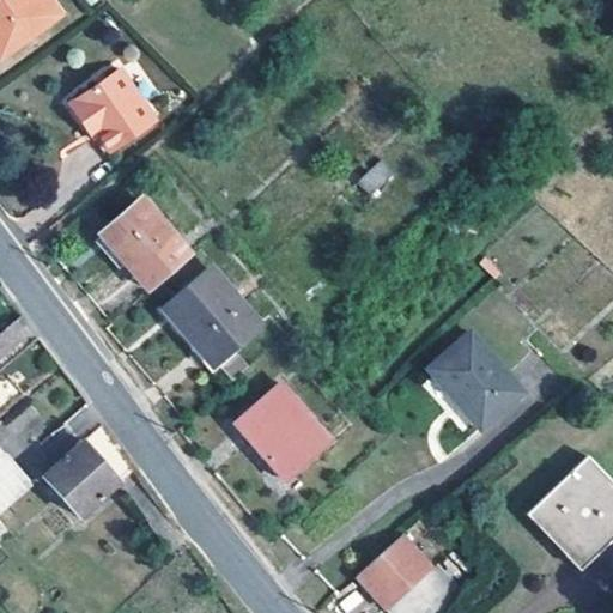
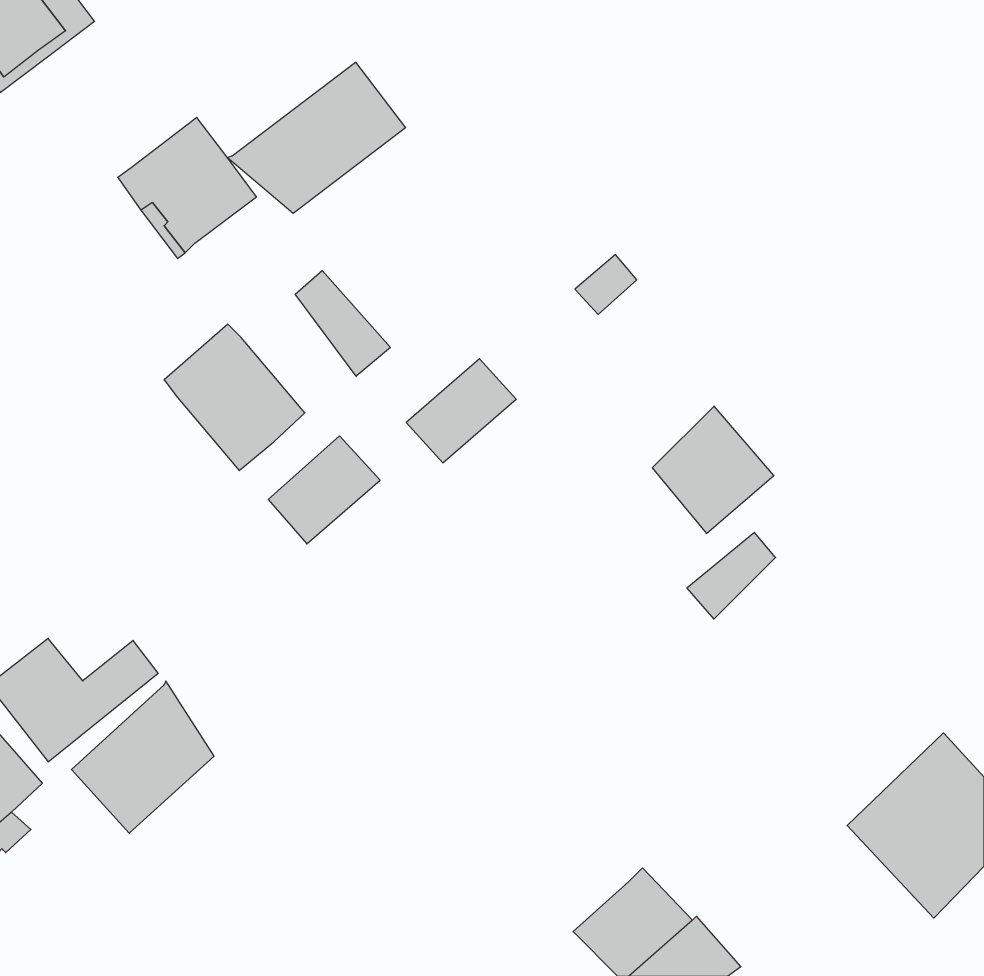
building: none -> [227,62,406,214]
building: none -> [295,271,390,376]
building: [190,298,259,363] -> [406,359,516,463]
building: [443,346,518,425] -> [652,406,774,533]
building: [233,384,330,481] -> none

